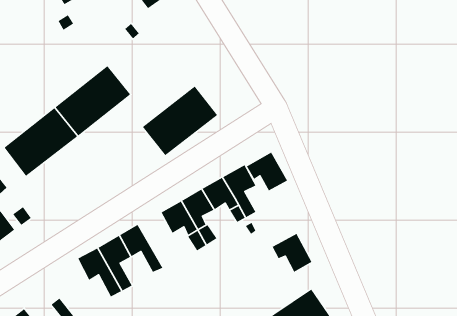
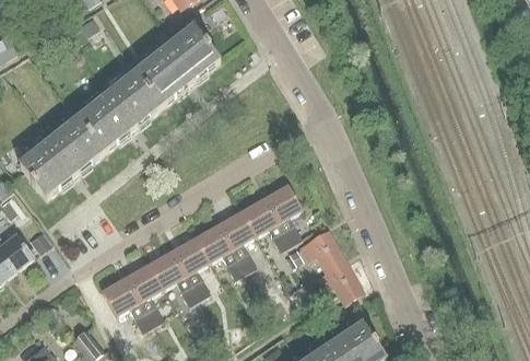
building: [142,86,218,156] -> [134,27,220,106]
building: [246,151,288,192] -> [298,228,345,272]
building: none -> [168,237,209,300]

